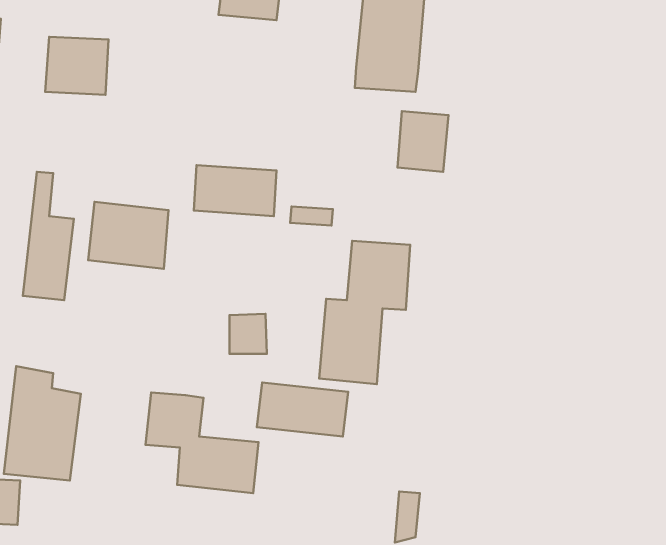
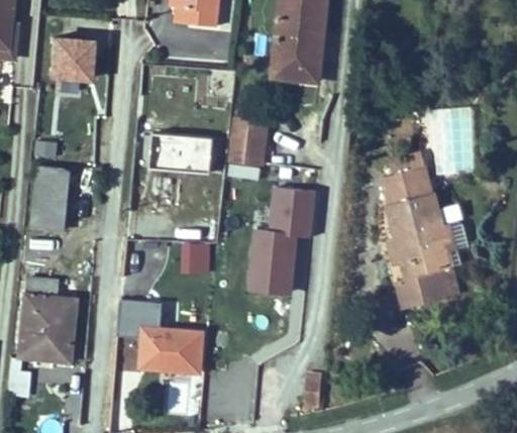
building: [398,111,449,172] -> [231,118,269,163]
building: none -> [384,152,459,311]
building: [88,202,168,269] -> none
building: [257,383,348,436] -> none

